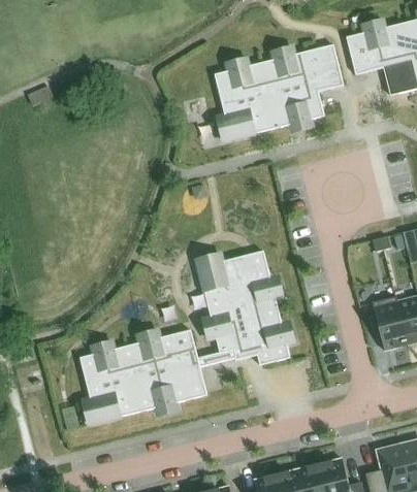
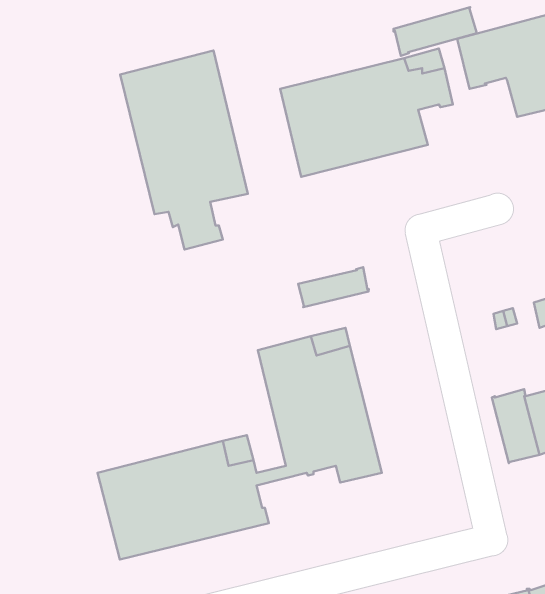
building: none -> [393,7,477,56]
building: none -> [120,51,248,250]
building: none -> [298,267,369,307]

